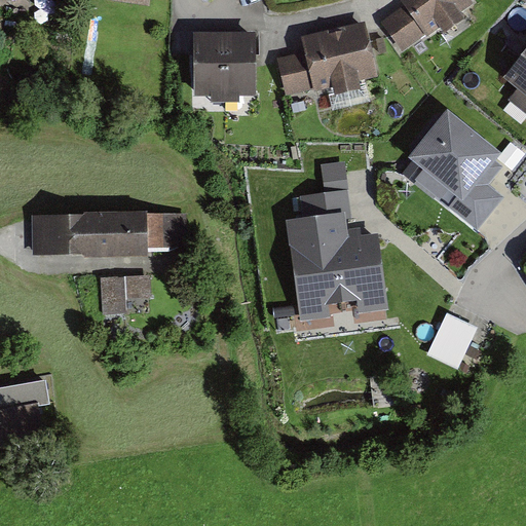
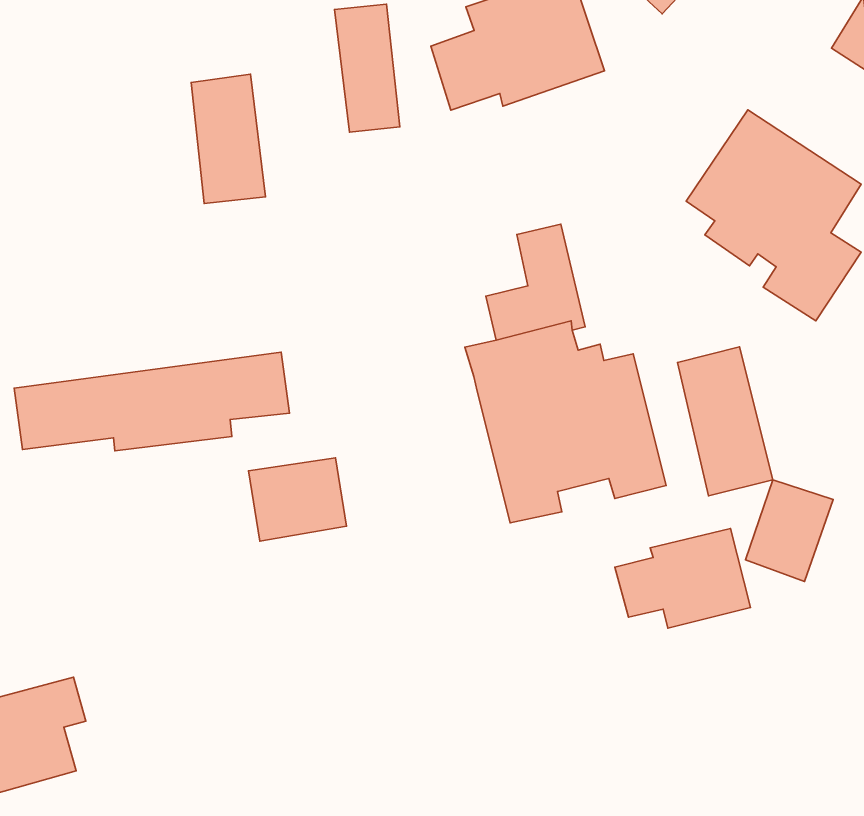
building: [197,30,231,98] -> [191,74,265,203]
building: none -> [678,347,773,496]
building: [98,270,148,311] -> [249,458,347,541]
building: none -> [615,528,751,628]

